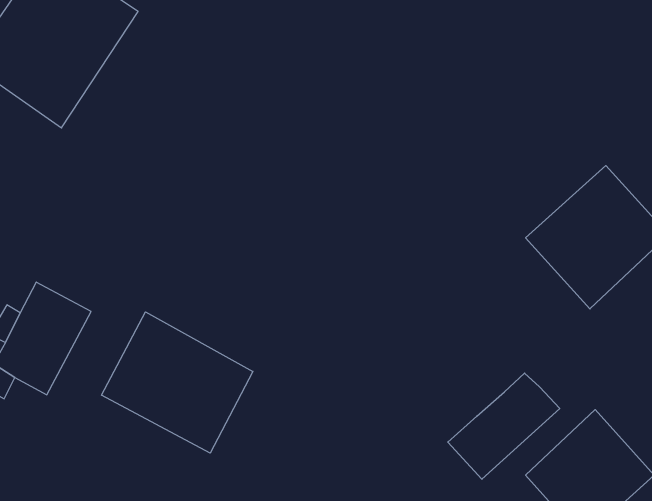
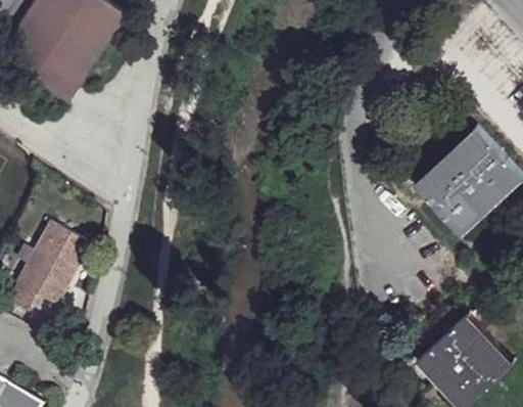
building: [102,312,253,453] -> none
building: [448,373,560,479] -> none

